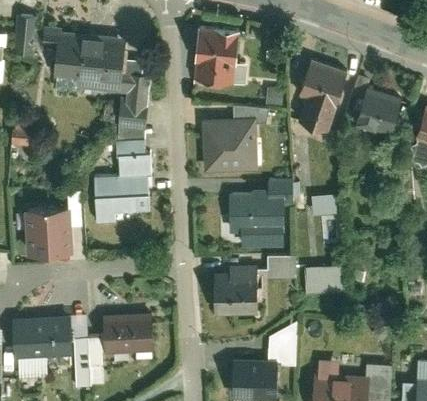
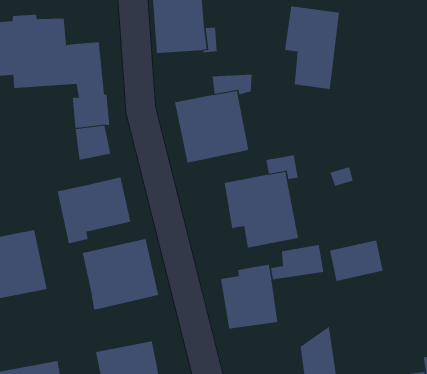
building: [354,88,403,137] -> none
building: [118,155,153,178] -> none
building: none -> [82,238,159,310]

